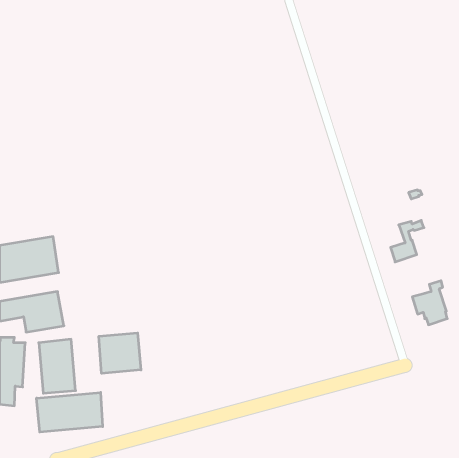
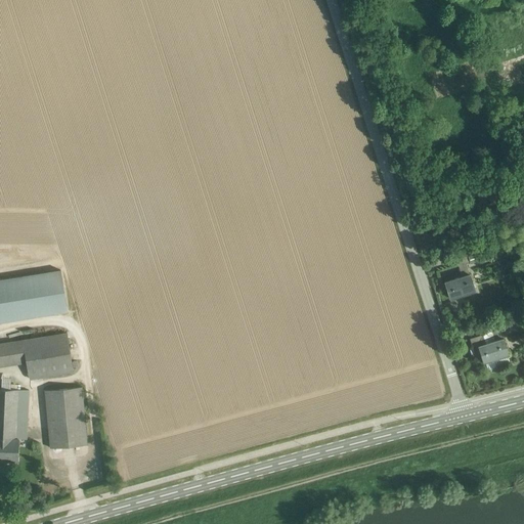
building: [99,333,141,373] -> none
building: [37,392,103,432] -> none

